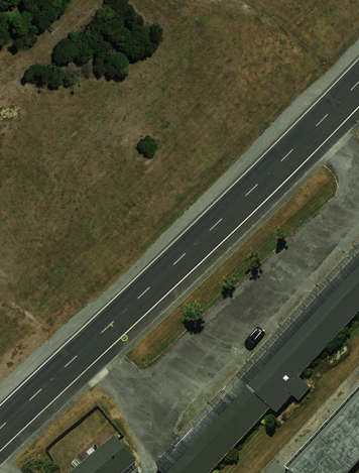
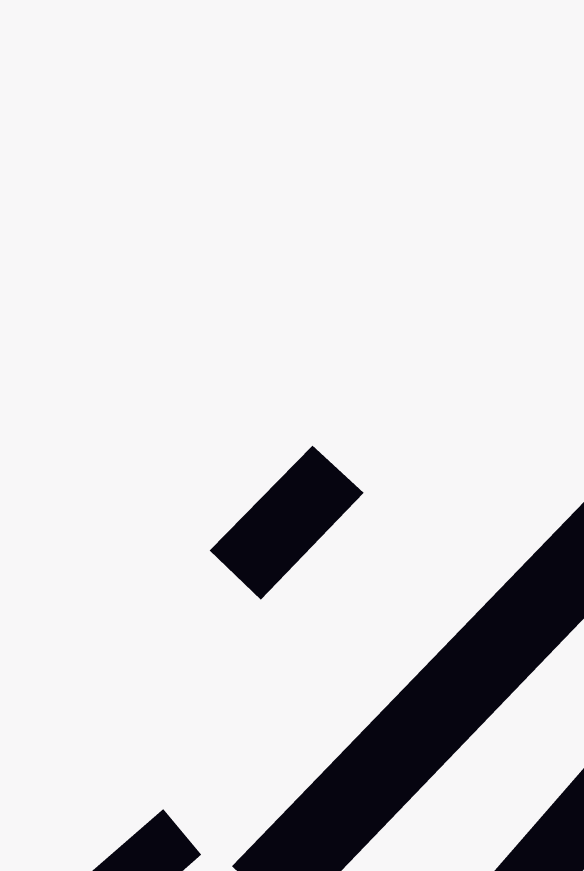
building: none -> [209,445,364,601]

